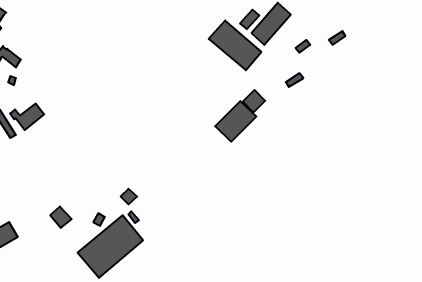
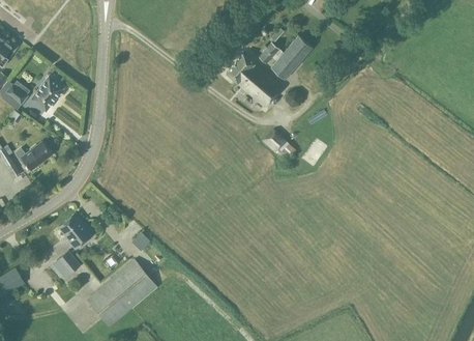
building: none -> [31,76,64,110]
building: [215,101,256,142] -> none
building: none -> [58,212,94,249]

